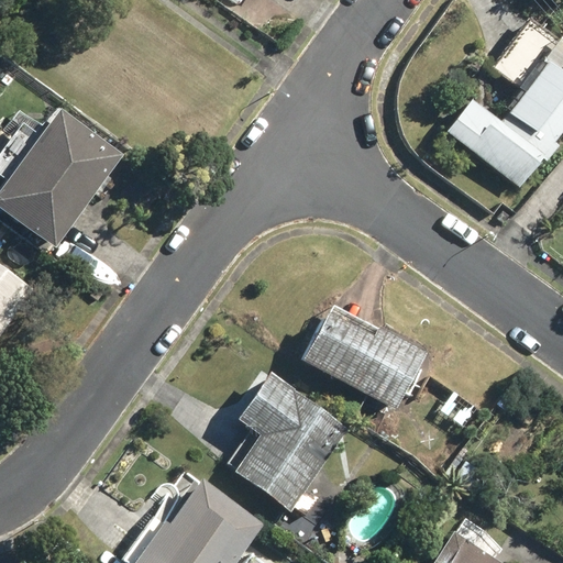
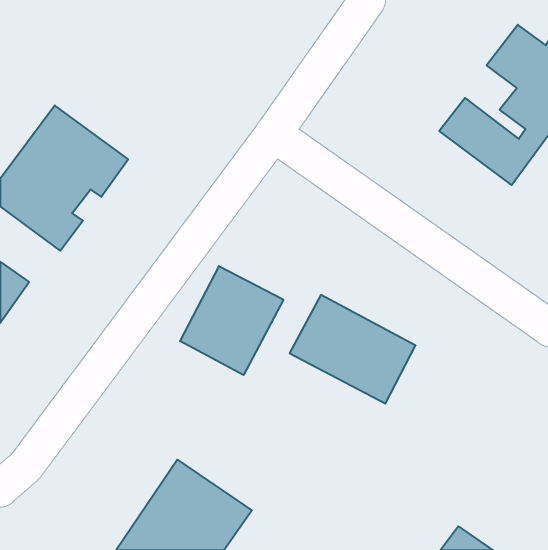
building: none -> [180,266,283,375]
building: [232,369,350,533] -> none

